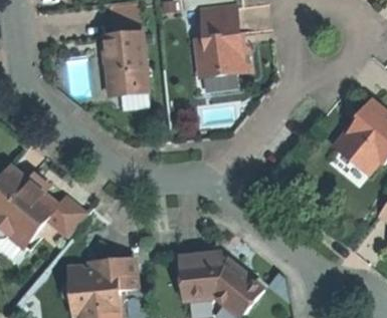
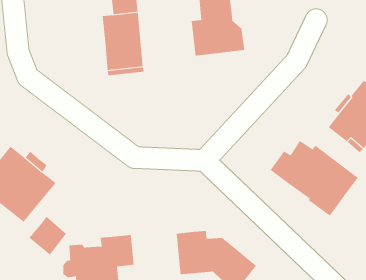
building: none -> [270,140,359,217]
building: [47,196,86,236] -> [28,216,67,255]

